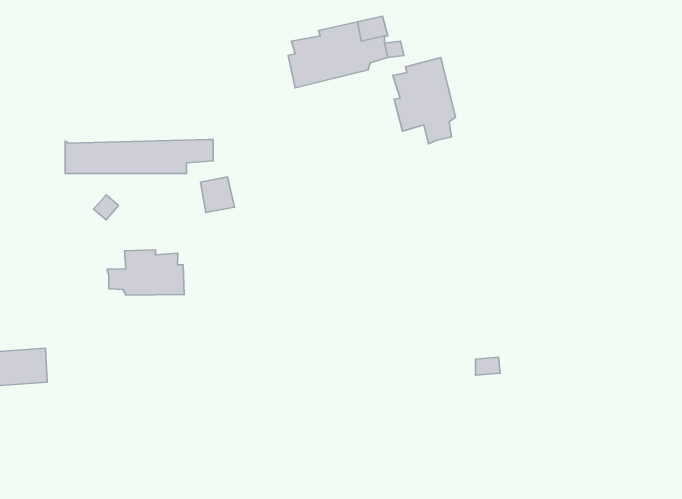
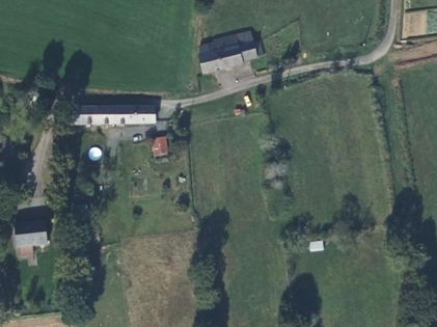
building: [393,58,455,144] -> none
building: [107,250,184,295] -> none

